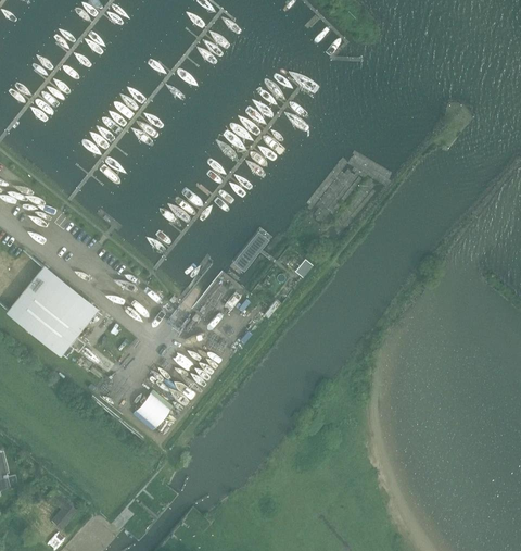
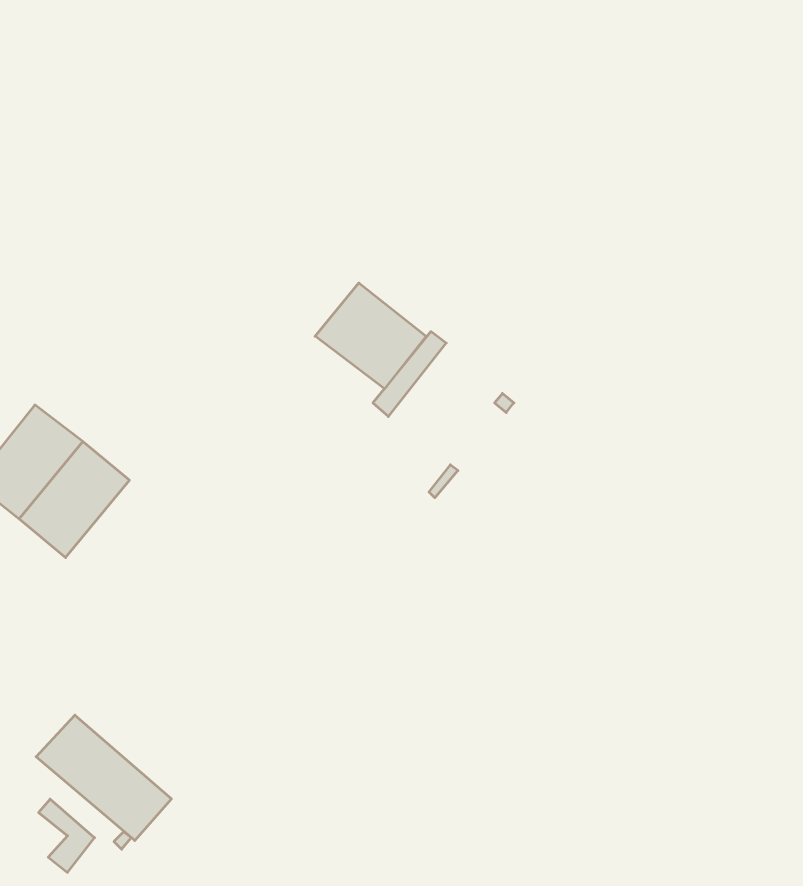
building: none -> [315,283,426,389]
building: none -> [36,715,171,841]

